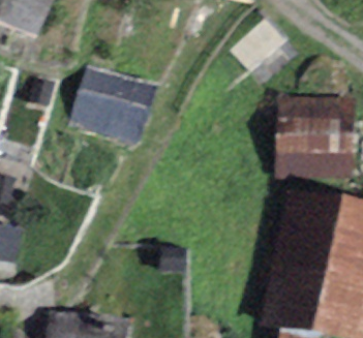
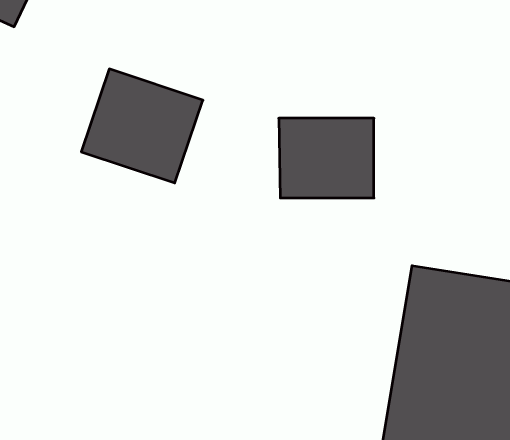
building: [286,101,350,154] -> [279,118,374,198]

